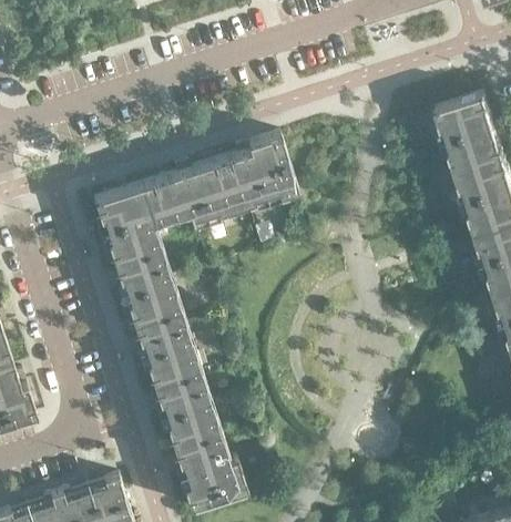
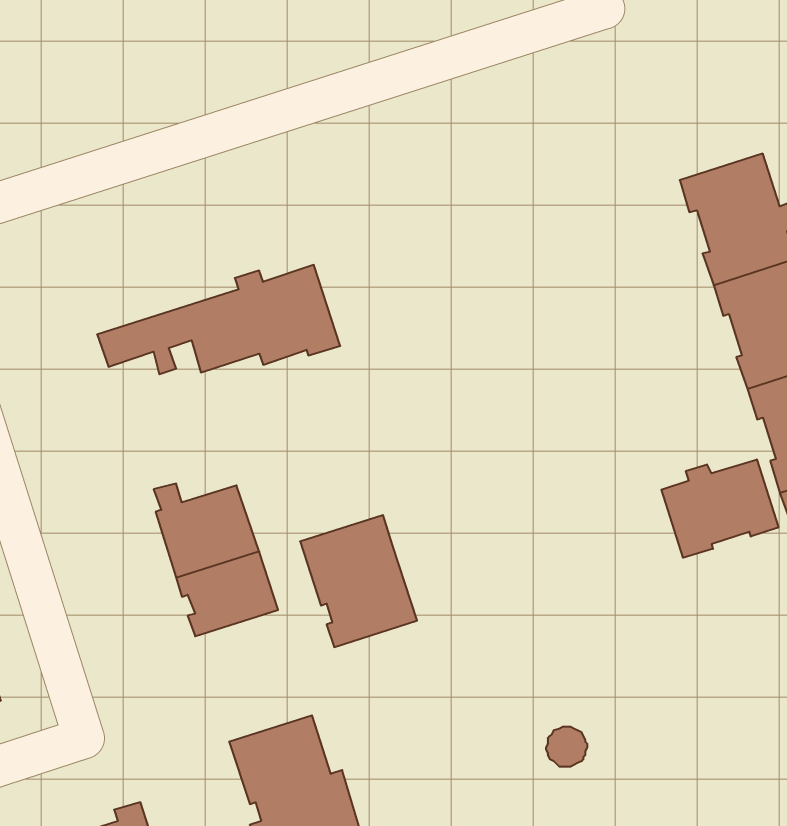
building: [219,135,297,209] -> none
building: [102,206,174,301] -> none
building: none -> [661,459,778,558]
building: [150,365,218,442] -> [300,515,417,647]

